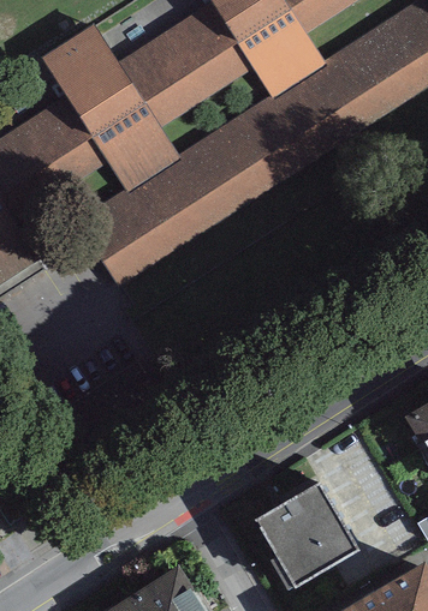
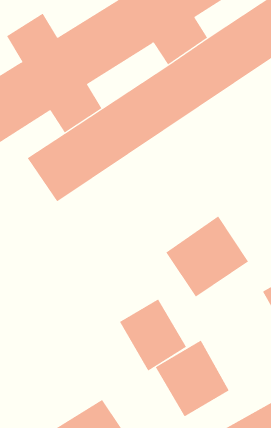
building: none -> [165,215,249,298]
building: none -> [119,299,187,372]

